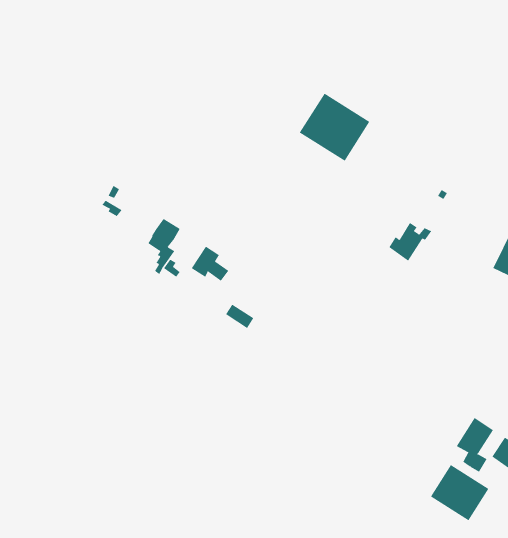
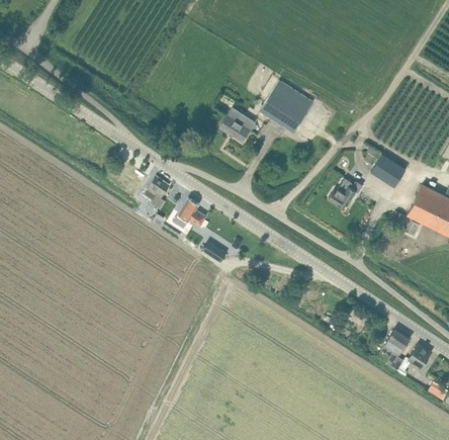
building: none -> [219,114,251,143]
building: none -> [371,153,407,186]
building: [430,464,489,521] -> none

